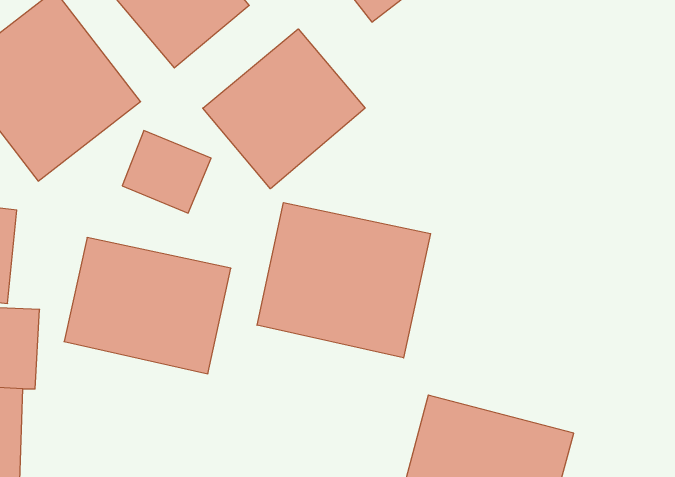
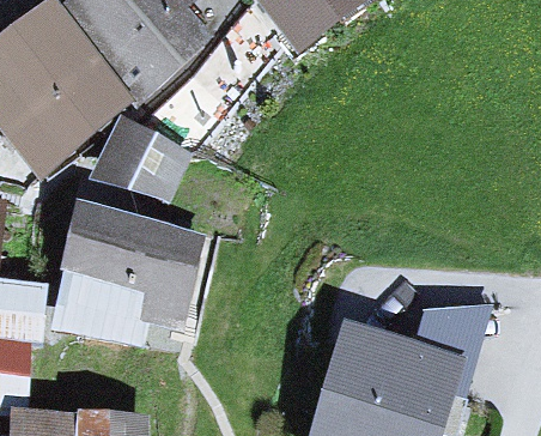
building: [203,29,365,189] -> none
building: [257,203,431,358] -> none

